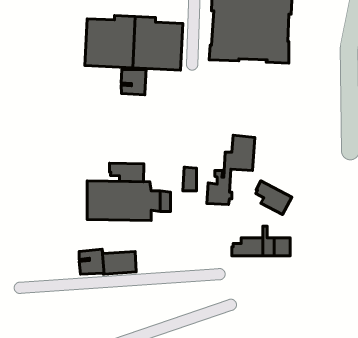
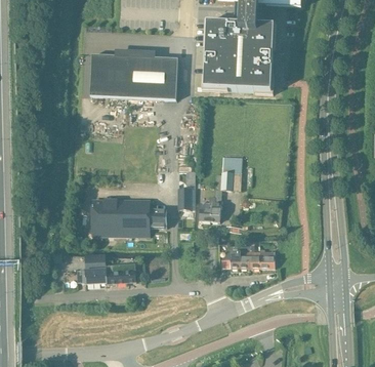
building: [121,68,146,95] -> none
building: [109,163,144,182] -> none
building: [256,181,292,215] -> none

